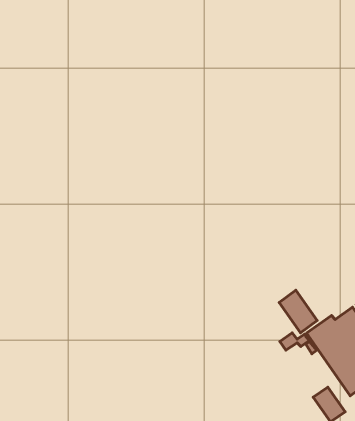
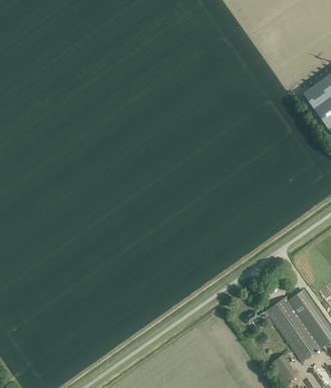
building: [279,290,317,333] -> none

